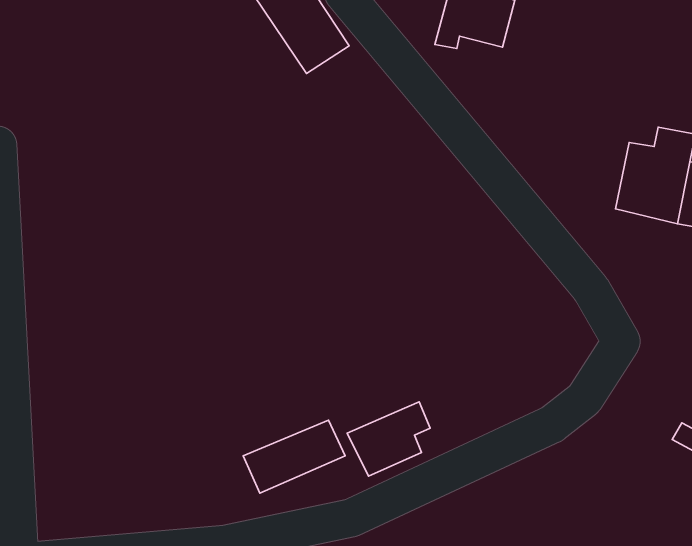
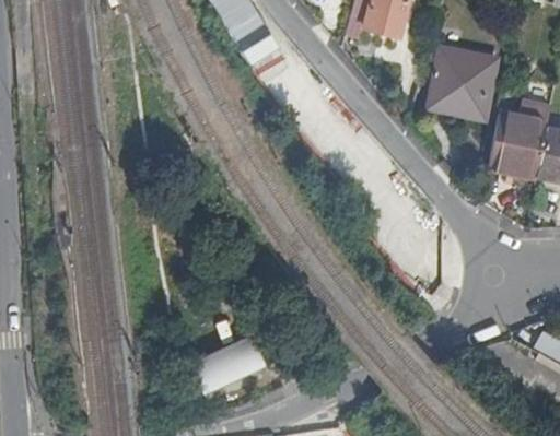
building: none -> [431,52,497,121]
building: [347,402,430,476] -> none

